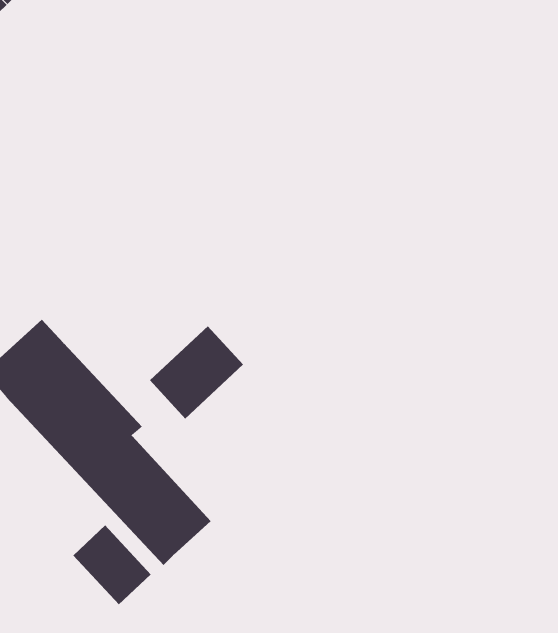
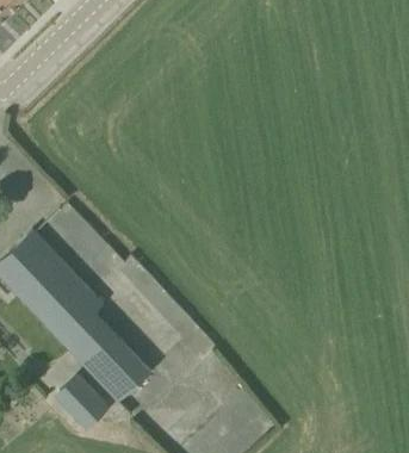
building: [149,325,244,419] -> none

